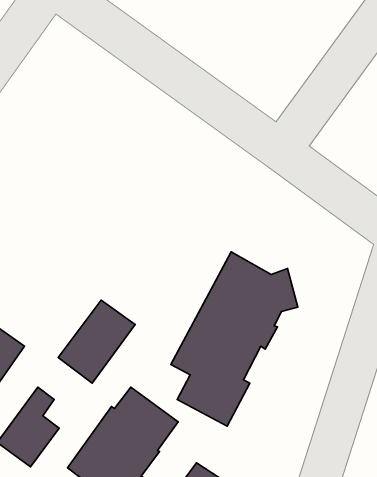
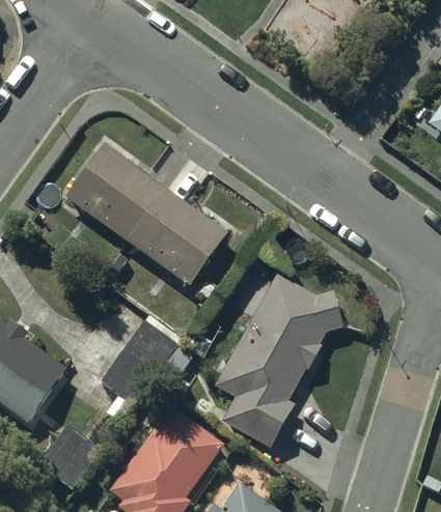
building: none -> [65,146,226,284]

